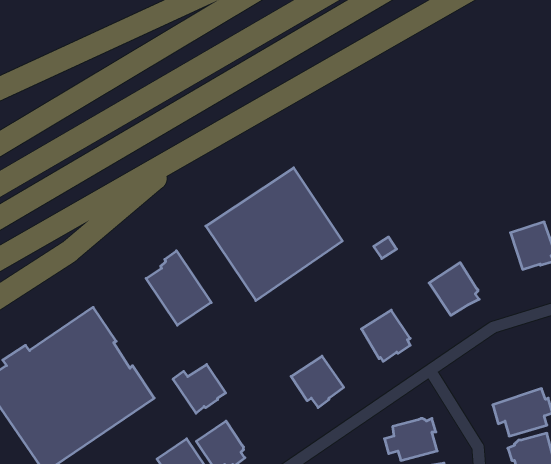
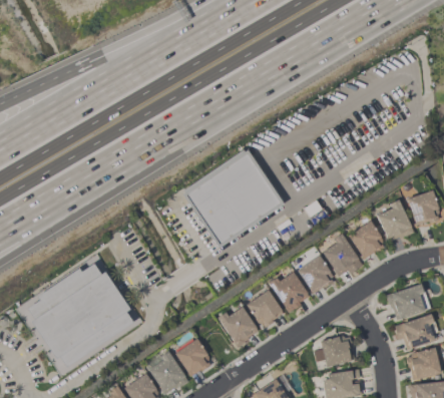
building: none -> [377,200,415,242]
building: [146,251,211,325] -> none
building: none -> [322,234,363,277]
building: none -> [269,272,310,313]
building: none -> [386,283,431,321]
building: [173,364,226,413] -> [217,307,257,343]

